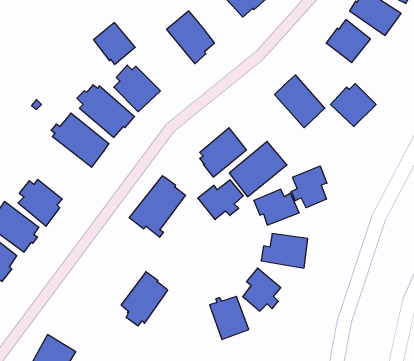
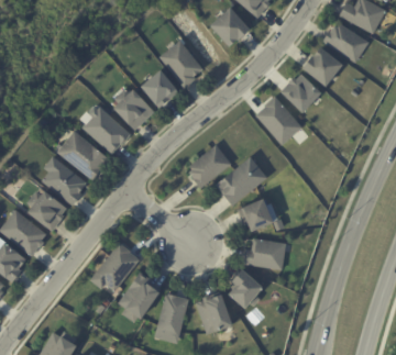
building: [94,23,135,64] -> [141,69,178,107]
building: [331,84,376,127] -> [280,75,321,113]
building: none -> [42,156,86,203]
building: [291,166,327,208] -> none
building: [129,176,186,237] -> [89,242,140,297]
building: [198,180,243,220] -> none
building: none -> [157,293,189,336]

